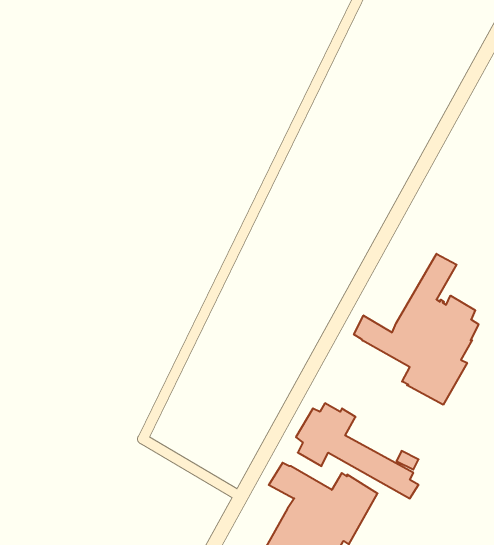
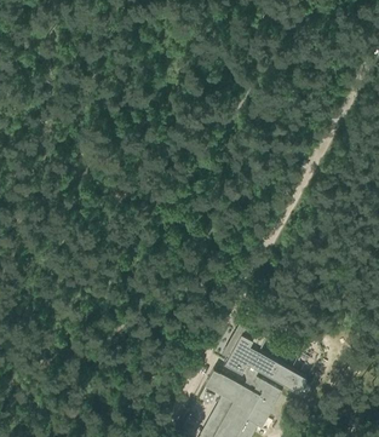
building: [354,254,478,405] -> none

